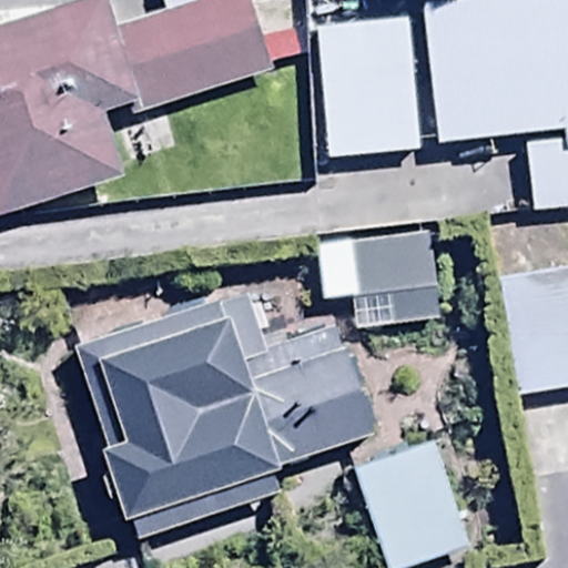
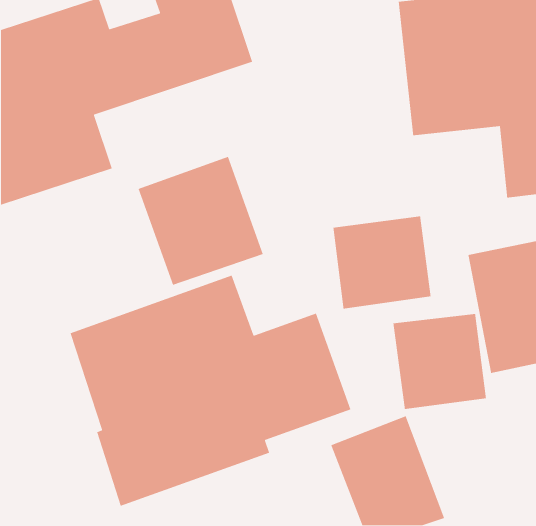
building: [315,20,423,154] -> none
building: none -> [138,156,264,286]
building: none -> [393,313,487,410]

